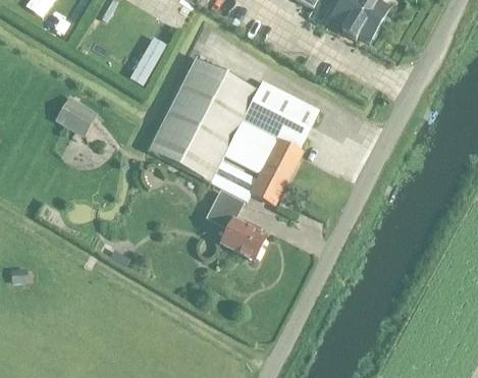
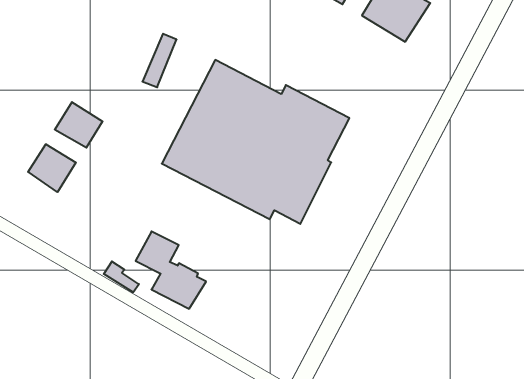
building: none -> [28,144,76,192]
building: [205,191,268,260] -> [136,231,206,309]

